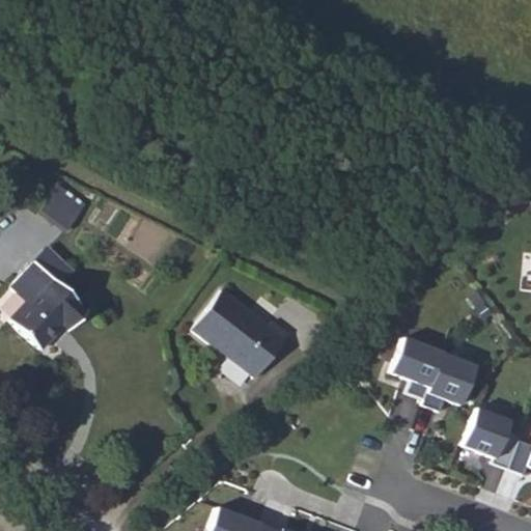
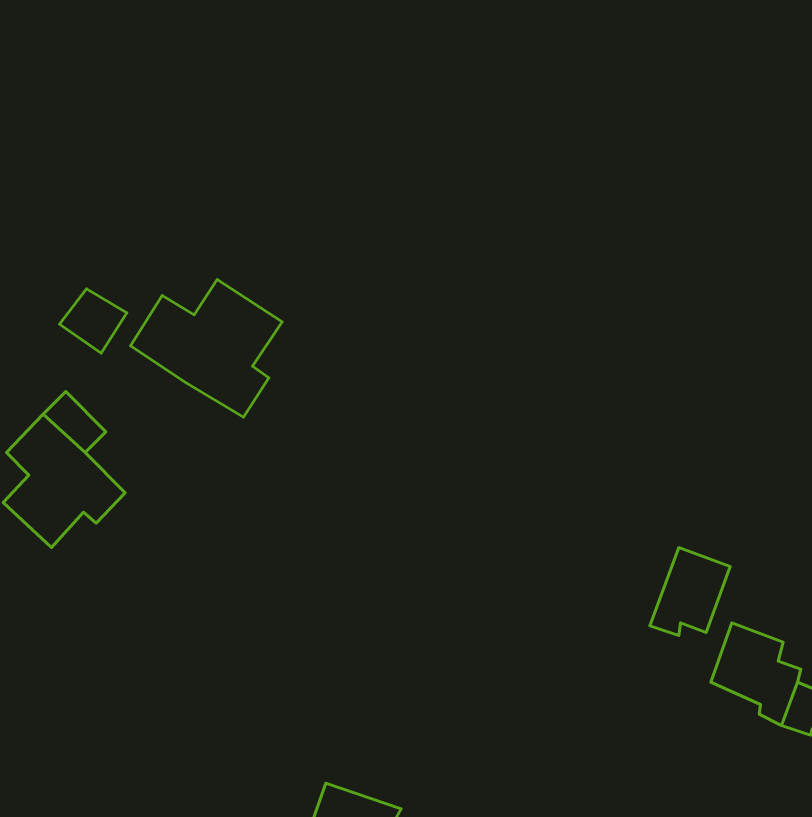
building: none -> [130,280,282,417]
building: [193,289,290,378] -> none
building: [391,334,444,399] -> none

